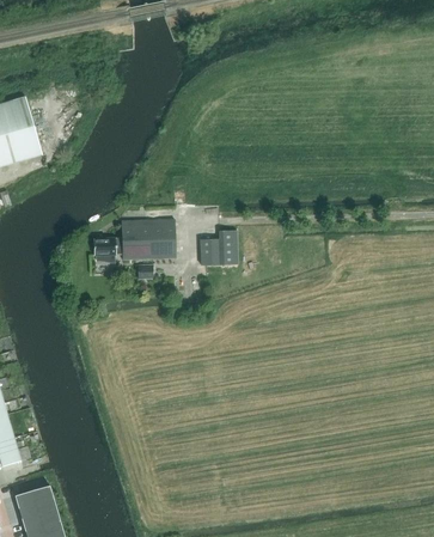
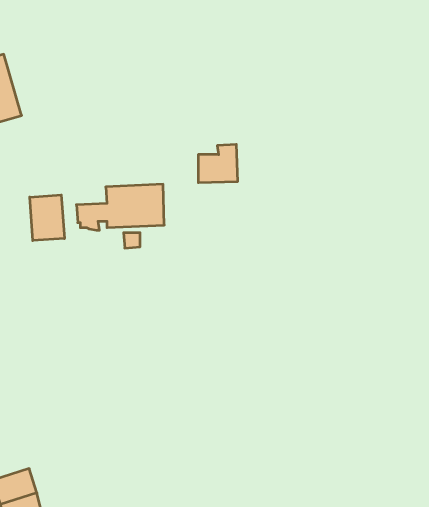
building: none -> [30,195,64,241]
building: [201,230,238,266] -> [198,144,238,183]

